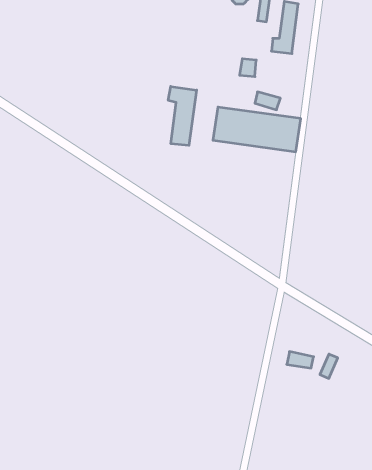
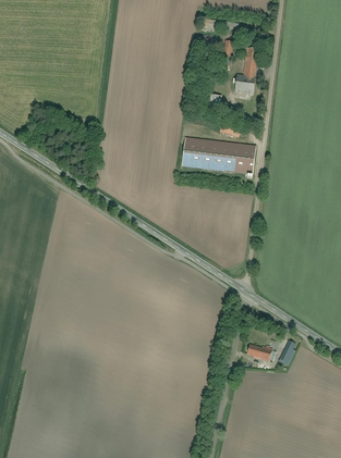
building: [168,86,197,145] -> none

